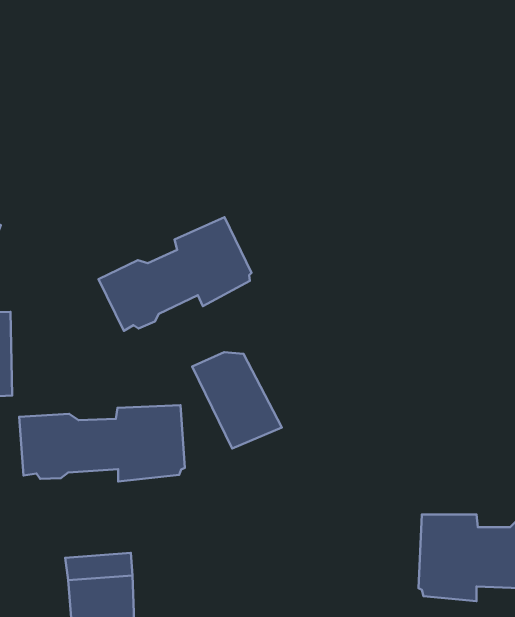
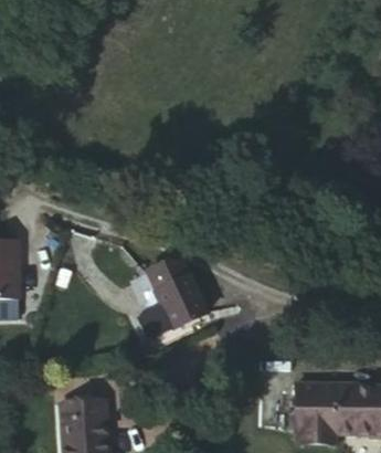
building: [98,217,252,331] -> none
building: [19,405,185,481] -> none

